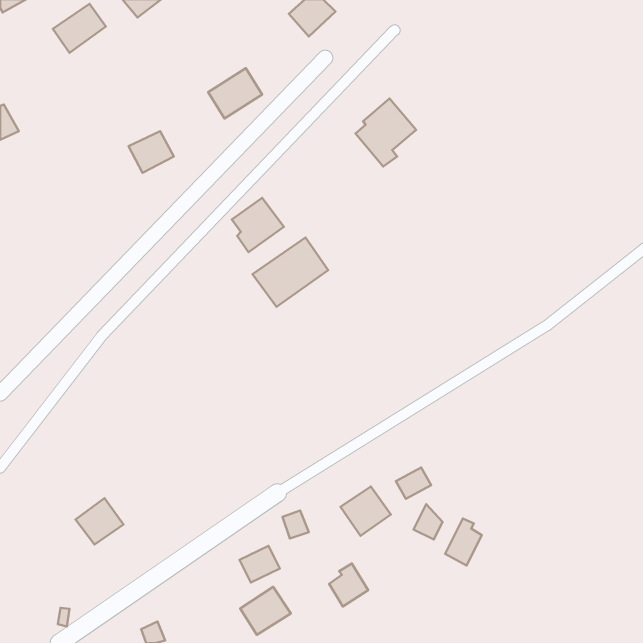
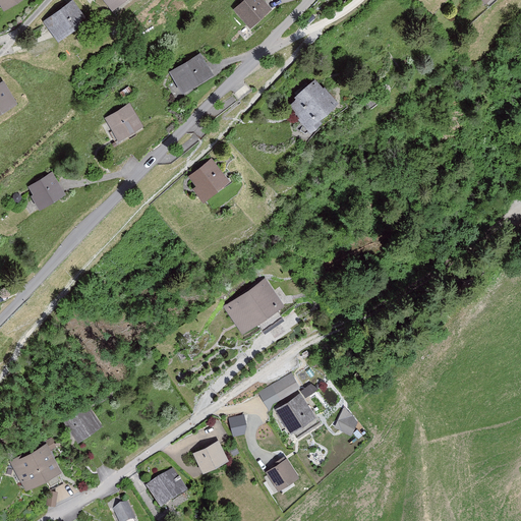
building: none -> [27,174,64,211]
building: [252,237,328,307] -> [223,276,284,332]
building: [396,467,431,499] -> [272,373,300,399]
building: [445,518,482,566] -> none
building: none -> [9,444,61,489]
building: [240,587,291,635] -> [147,469,187,508]

